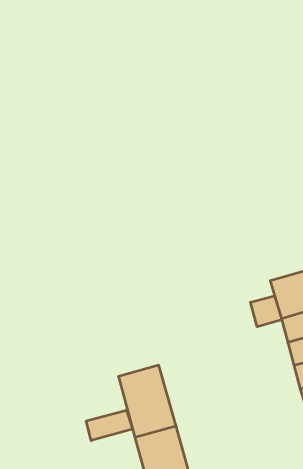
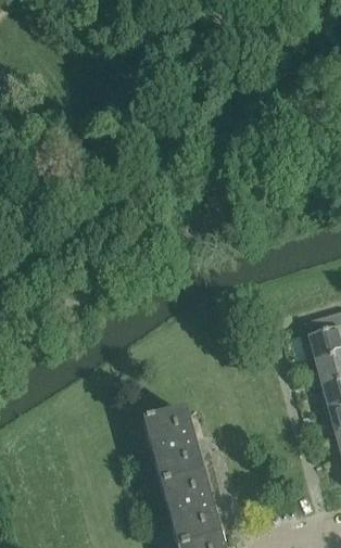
building: [250,296,282,327] -> none
building: [86,410,133,441] -> none

